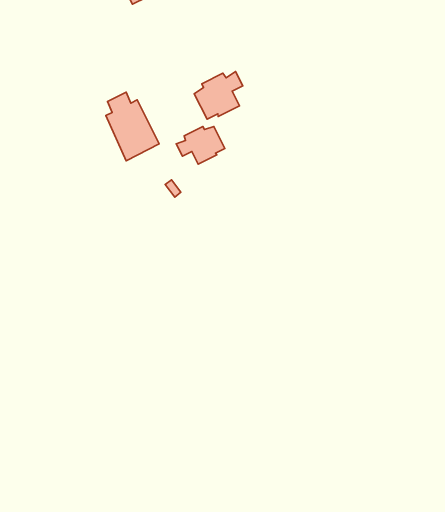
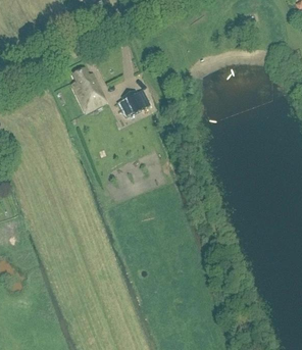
building: [194,71,243,119] -> none

